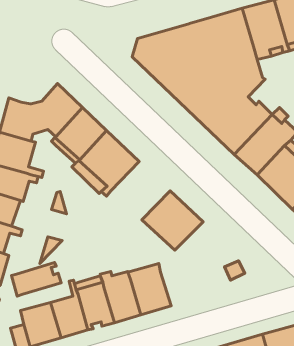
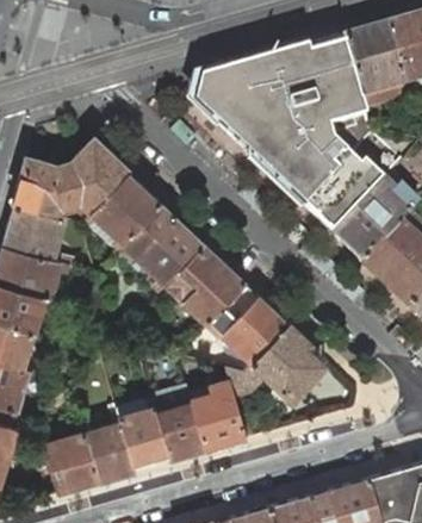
building: none -> [166,243,246,322]
building: none -> [225,324,325,396]
building: [11,262,61,296] -> none

